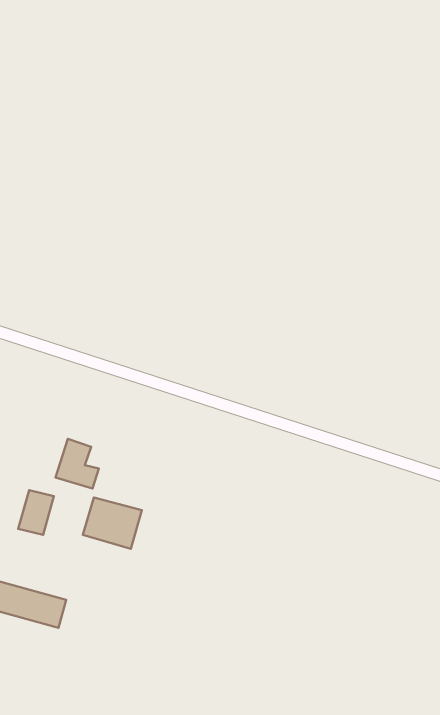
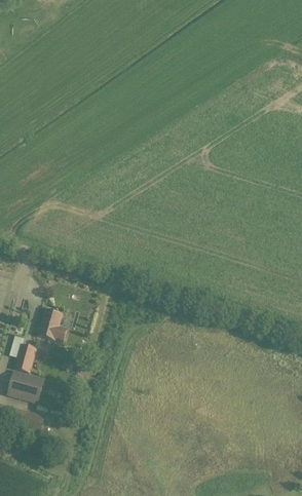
building: [83,498,142,549] -> [7,370,46,404]

